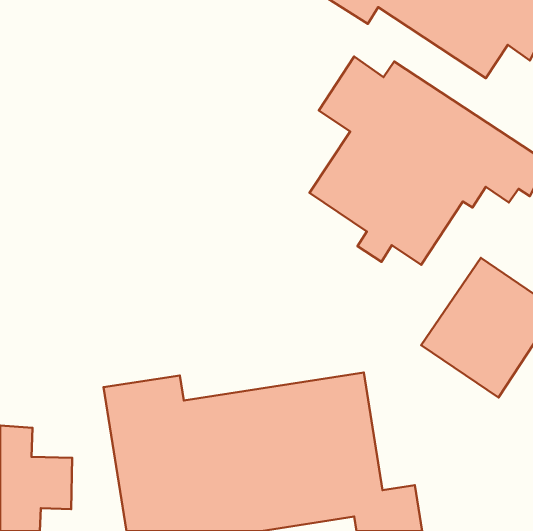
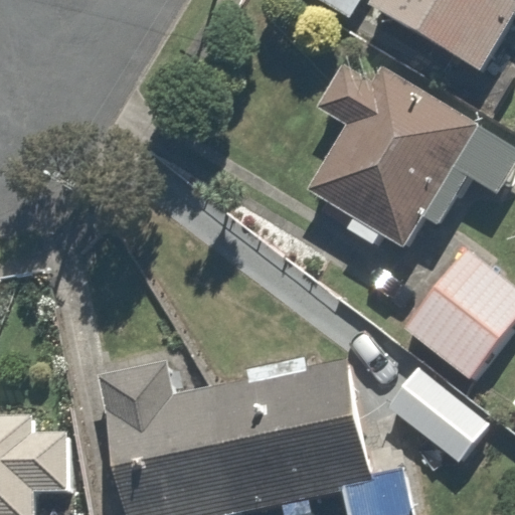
building: none -> [381,361,494,466]

